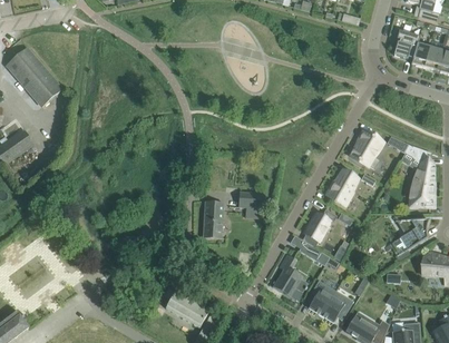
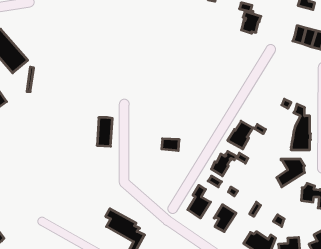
building: [394,29,420,58] -> [241,11,261,33]
building: [351,129,383,167] -> none
building: [203,200,223,238] -> [97,118,112,146]
building: [321,290,353,322] -> none

